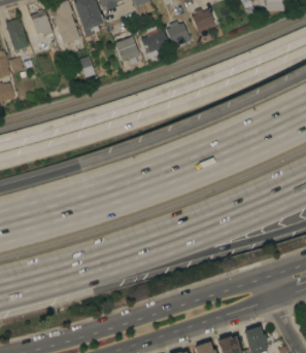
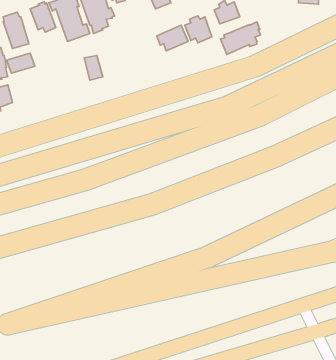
building: none -> [221,22,261,55]
building: [114,33,139,62] -> none

